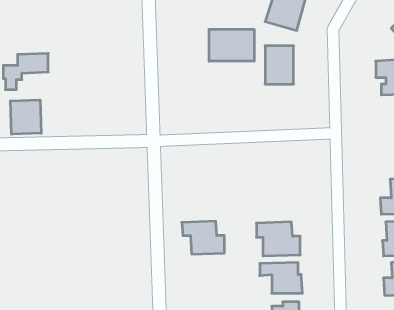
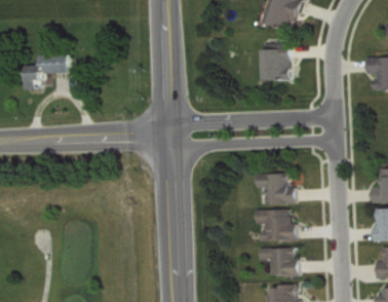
building: [209,29,254,61] -> none
building: [10,100,41,134] -> none
building: [182,221,224,254] -> [256,174,296,204]

